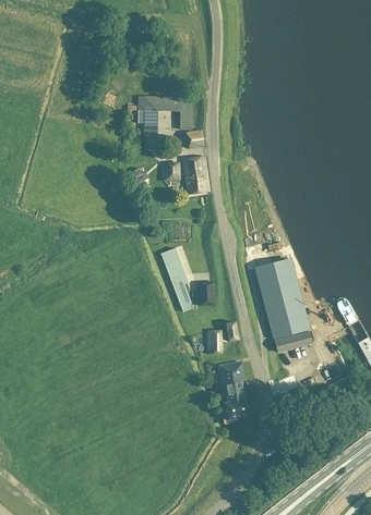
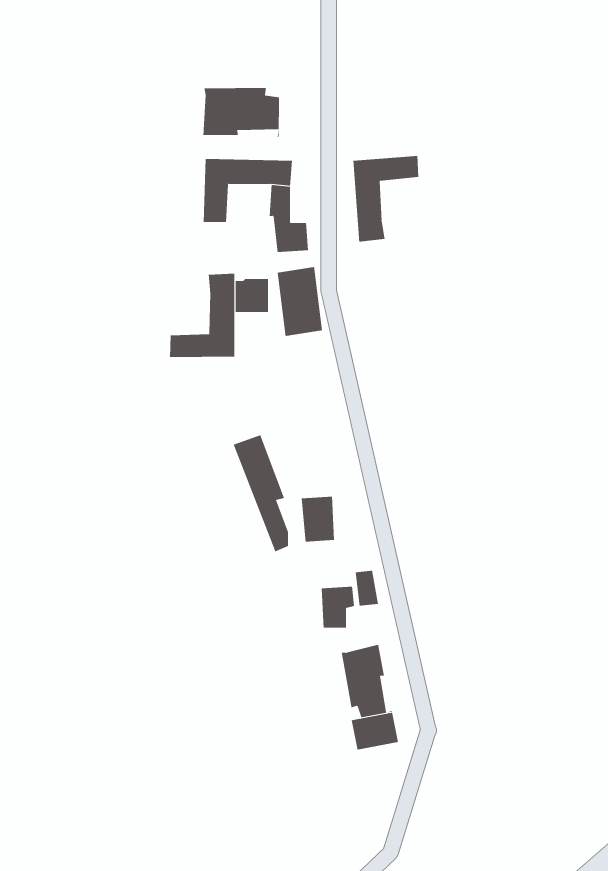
building: none -> [203,87,279,138]
building: none -> [353,155,419,243]
building: none -> [170,273,235,358]
building: [254,257,311,351] -> none

